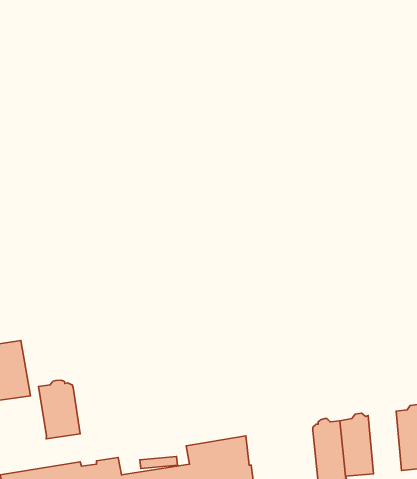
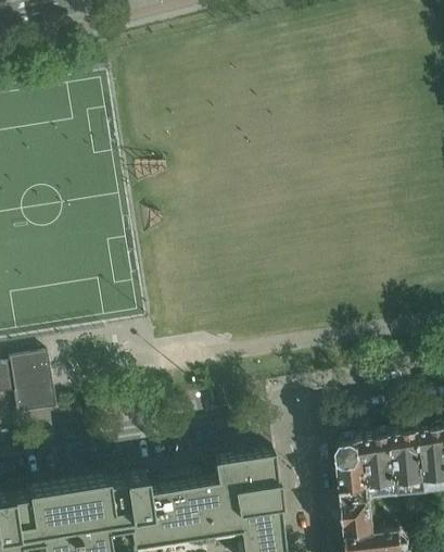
building: [39,380,80,439] -> none
building: none -> [394,427,428,492]

